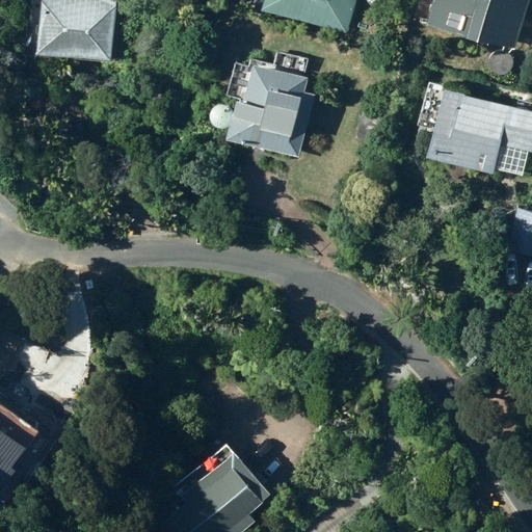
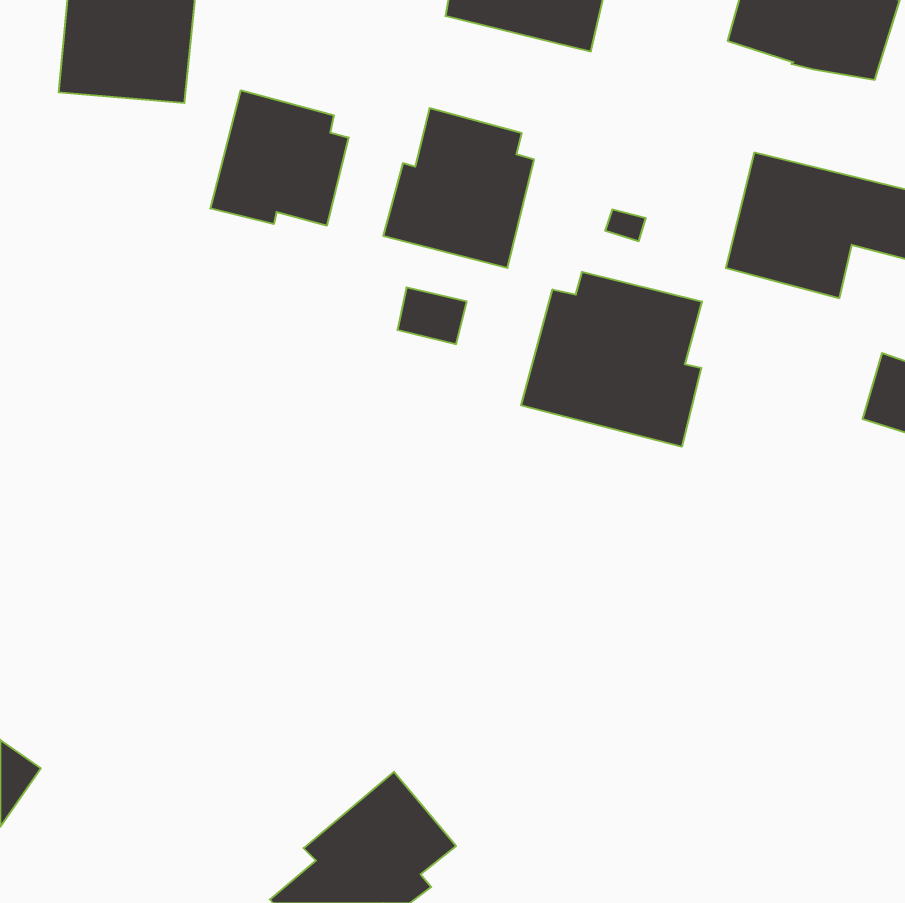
building: none -> [210,90,349,226]
building: none -> [521,272,702,447]

